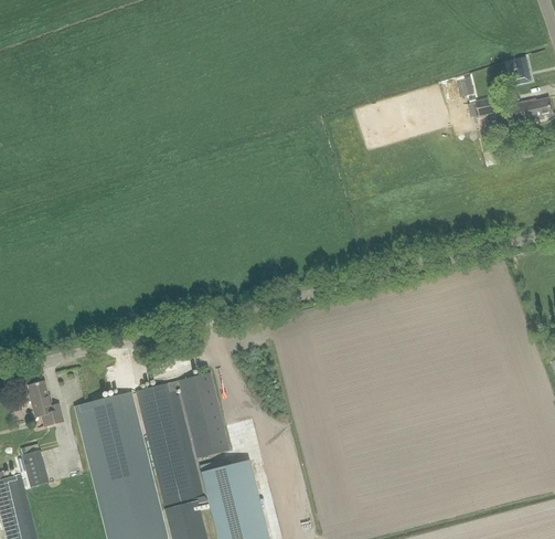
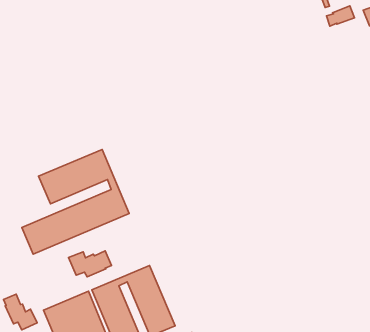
building: none -> [22,150,129,254]
building: none -> [69,251,112,277]

